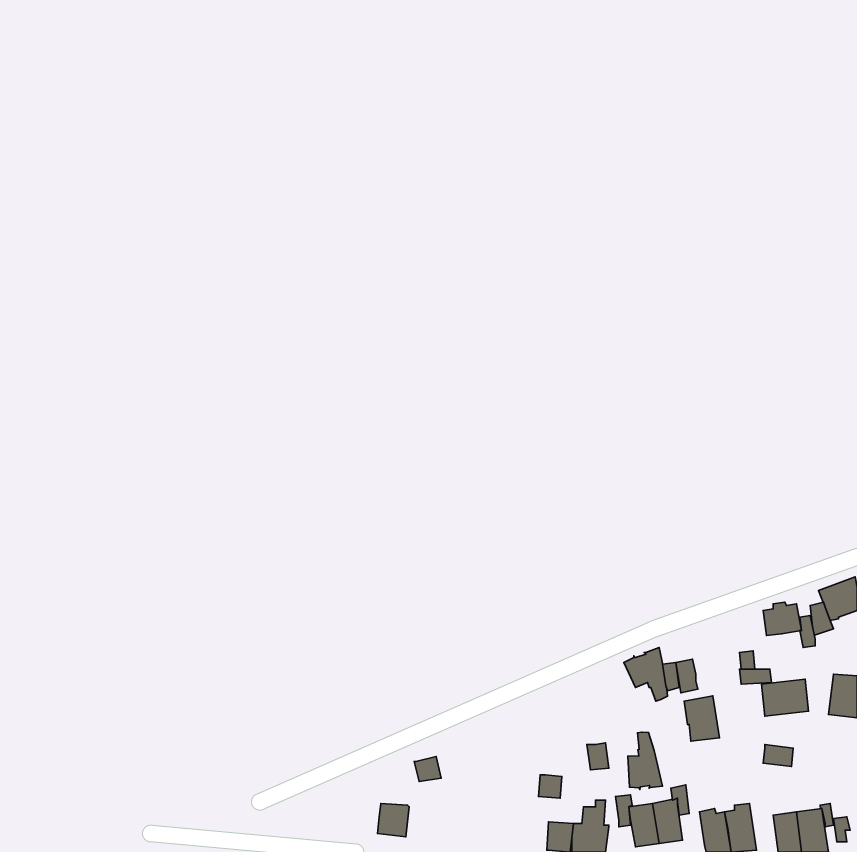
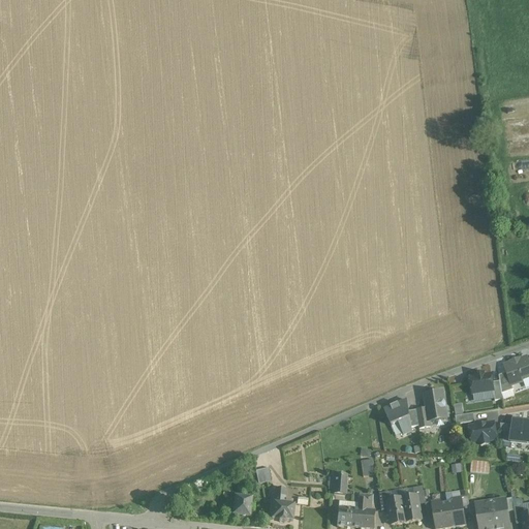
building: [684,696,719,741] -> [425,391,446,418]
building: [628,732,663,789] -> none
building: none -> [272,487,293,521]

